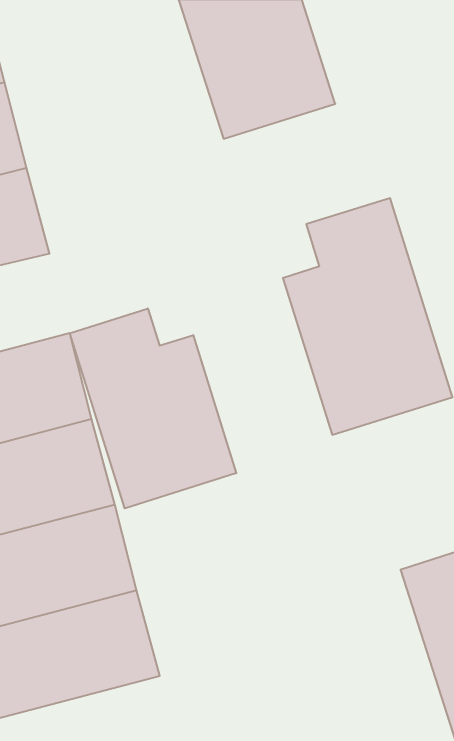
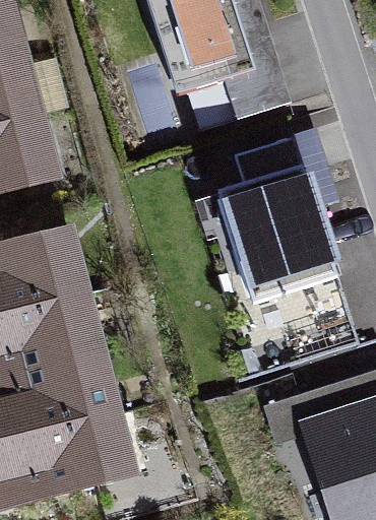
building: [70,308,236,508] -> none

